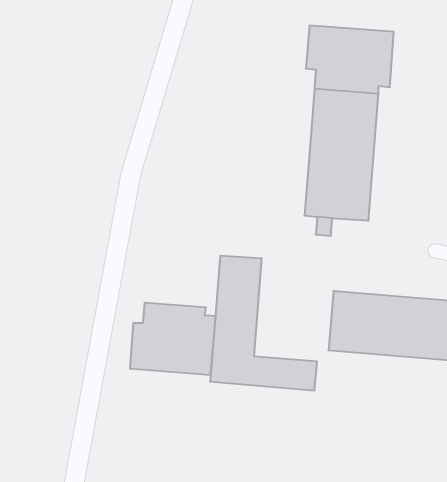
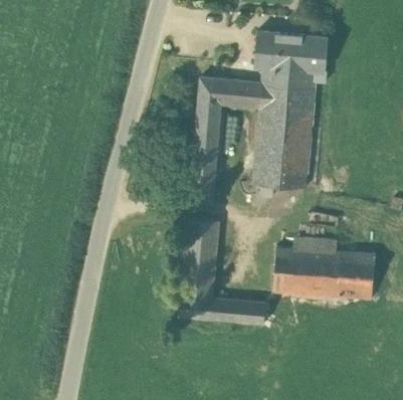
building: none -> [191,77,262,206]
building: [130,303,215,375] -> none

